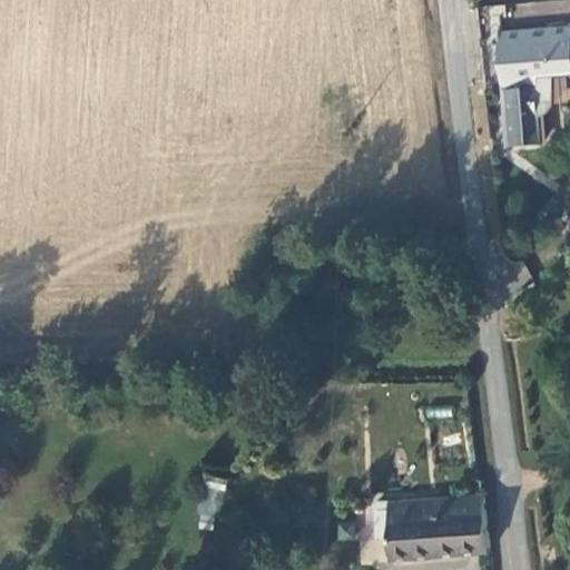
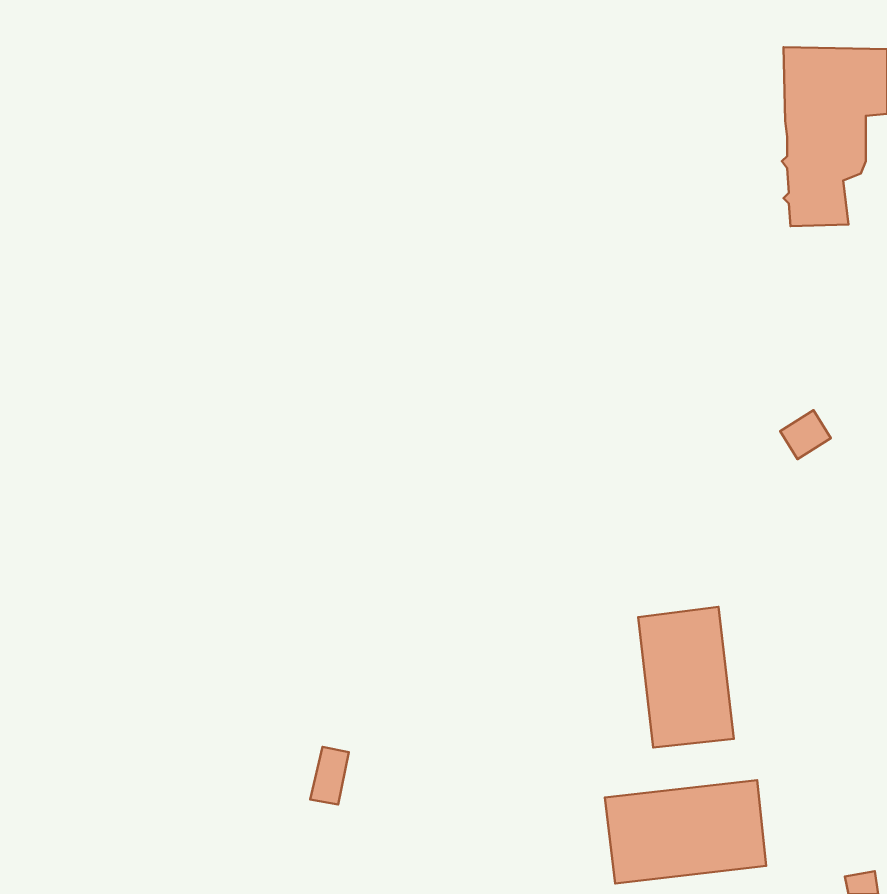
building: none -> [638,607,734,747]

